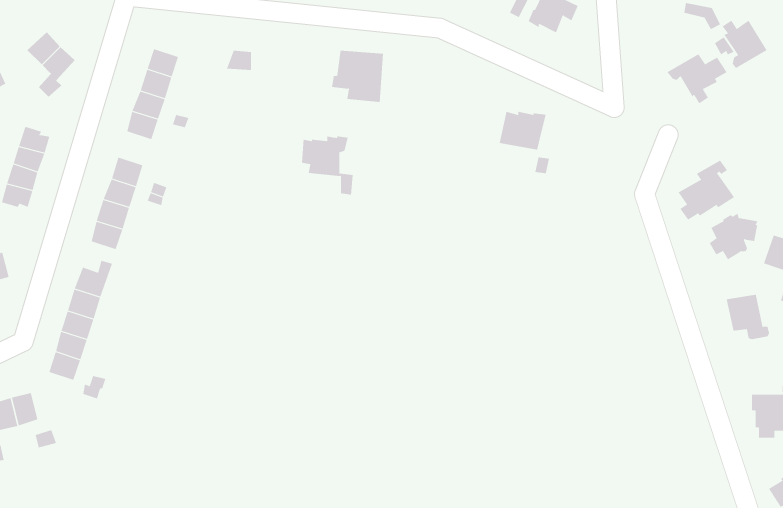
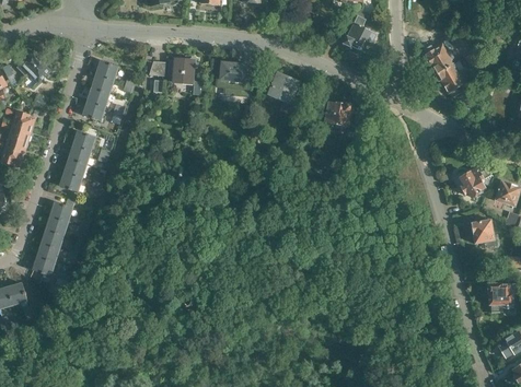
building: [722,20,768,69] -> [424,45,453,77]
building: none -> [269,73,301,117]
building: [301,136,354,195] -> [167,57,201,95]
building: [678,160,735,221] -> none

